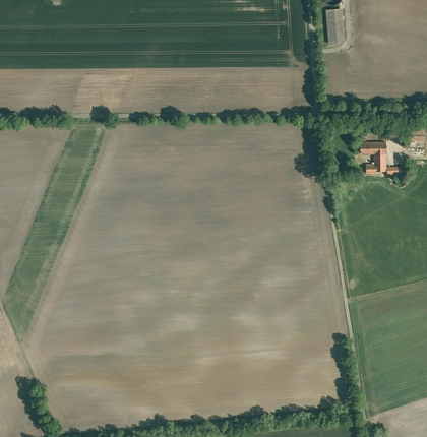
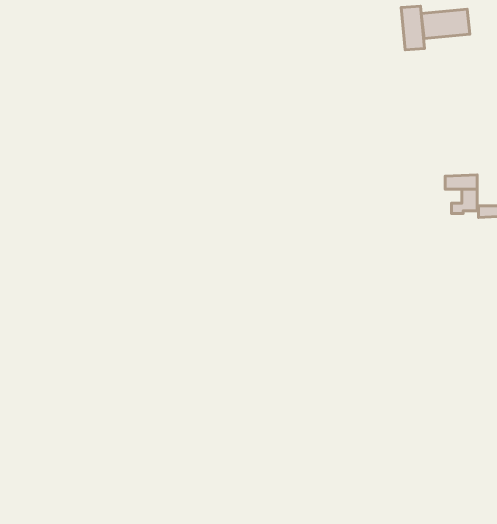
building: none -> [421,9,470,38]

